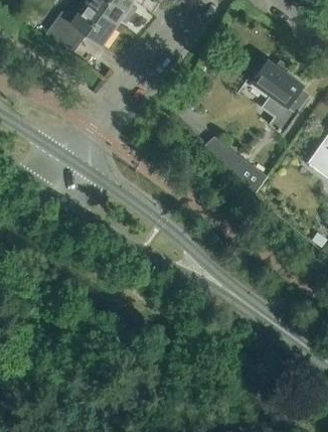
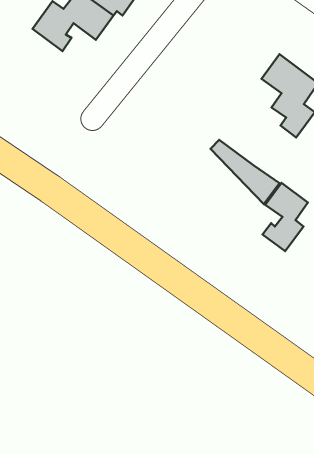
building: none -> [262,183,308,251]

